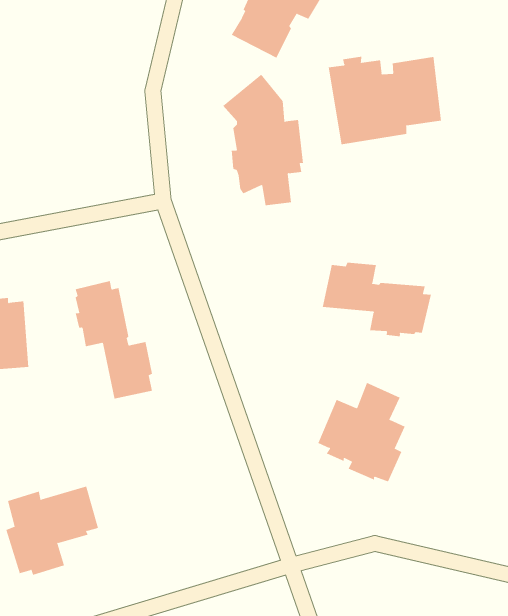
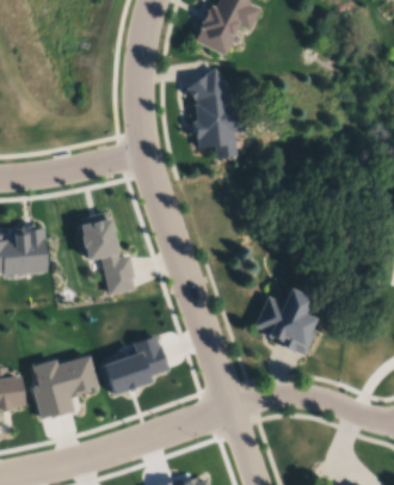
building: [328,56,442,145] -> none
building: [322,262,431,337] -> none
building: none -> [101,334,171,394]

